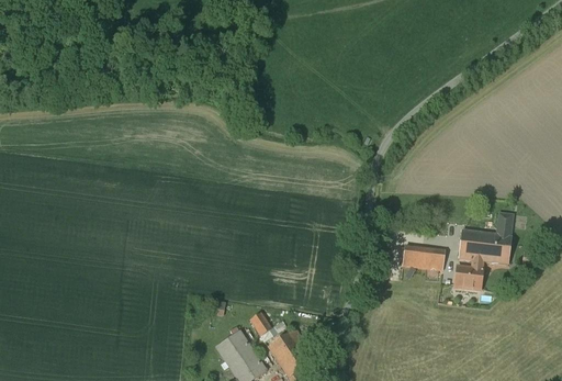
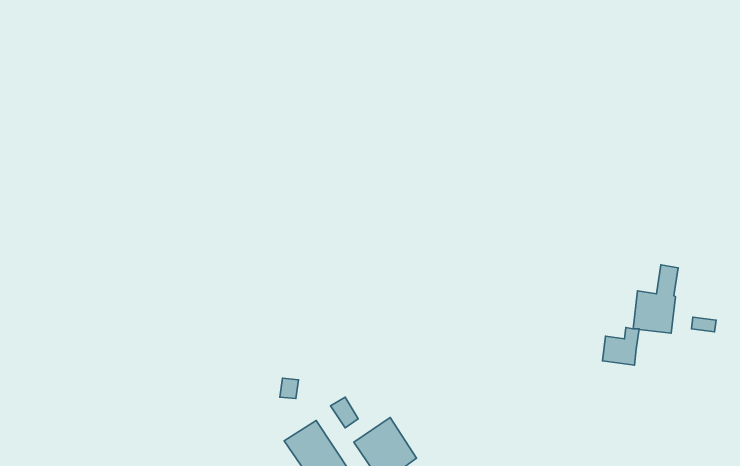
building: [459,231,482,261] -> none
building: [403,246,445,270] -> none

